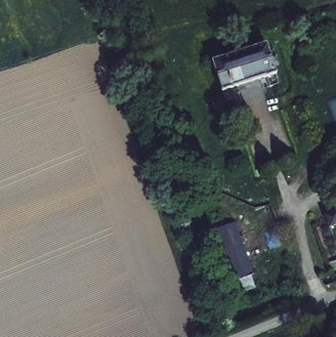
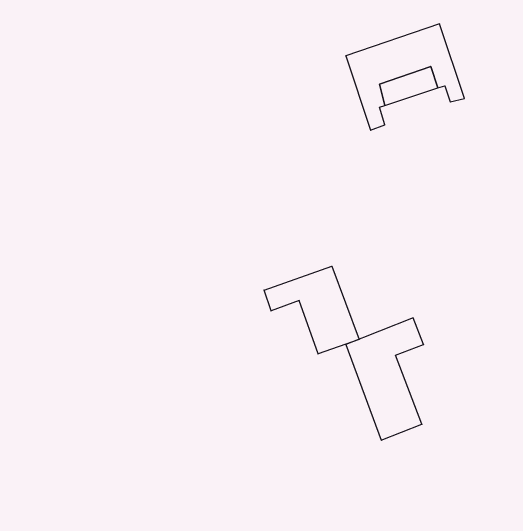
building: none -> [264,266,359,354]

